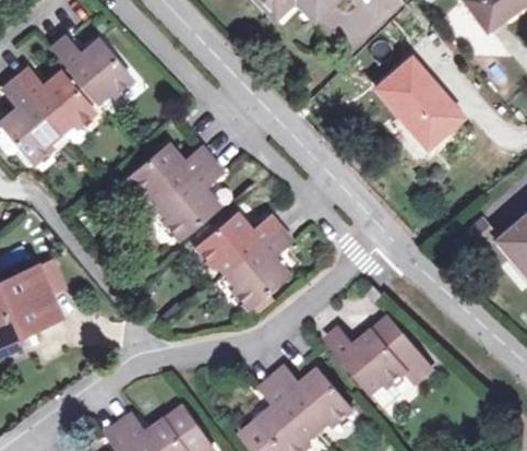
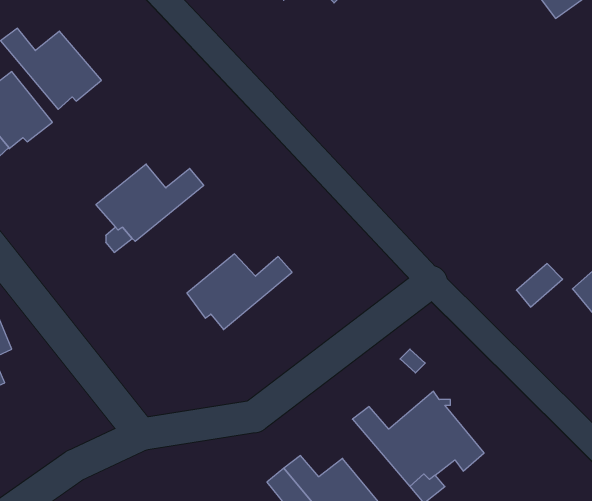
building: [375,59,460,145] -> none
building: [158,159,221,237] -> none
building: [227,227,289,305] -> none

